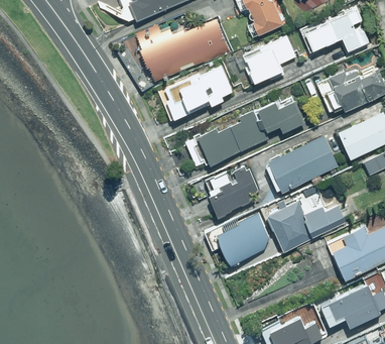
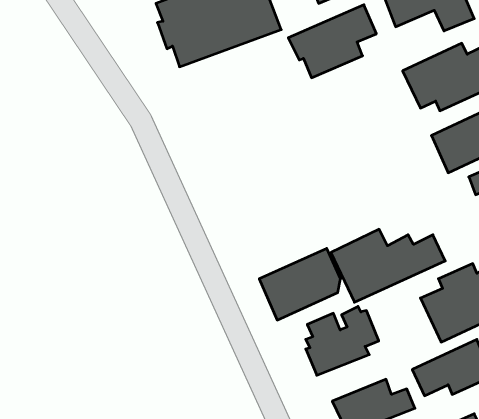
building: [163,66,237,119] -> none
building: [185,100,305,167] -> none
building: [266,135,339,193] -> none
building: [211,165,264,216] -> [306,306,379,375]

